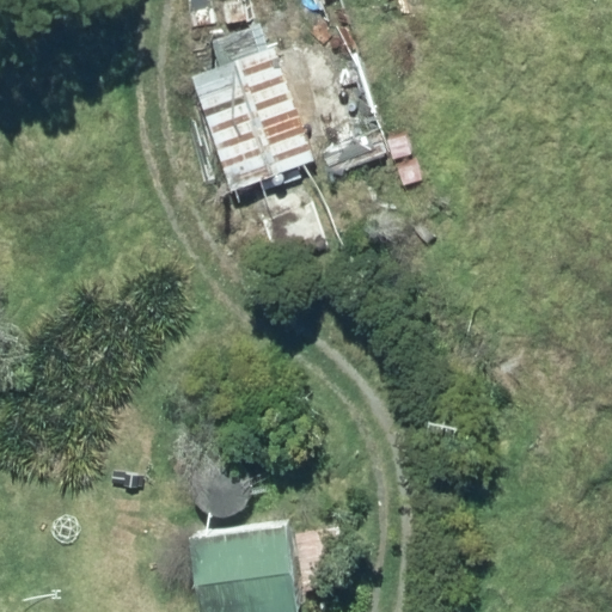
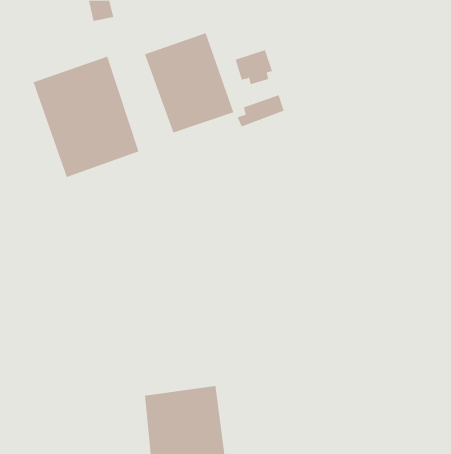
building: none -> [33,56,139,178]

